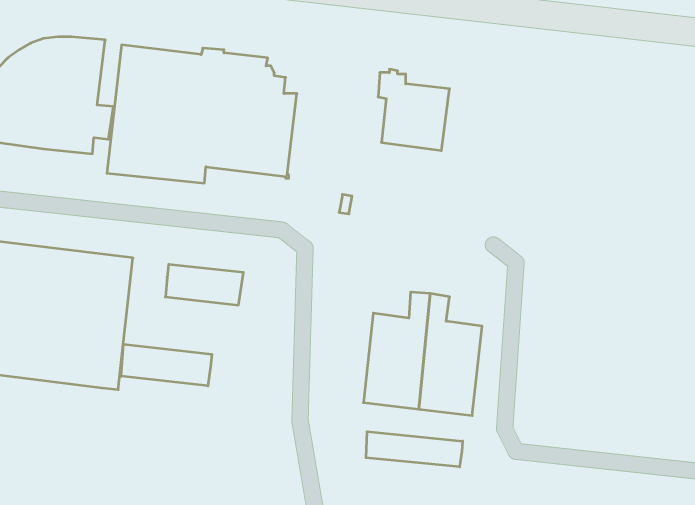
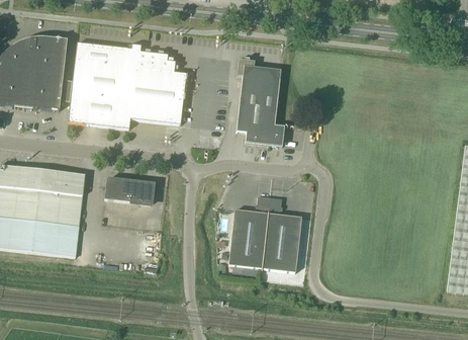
building: none -> [236,102,284,146]
building: [121,344,212,386] -> none
building: [366,432,463,467] -> none

